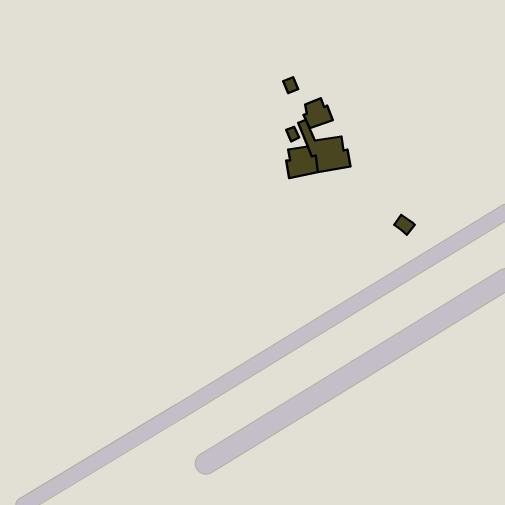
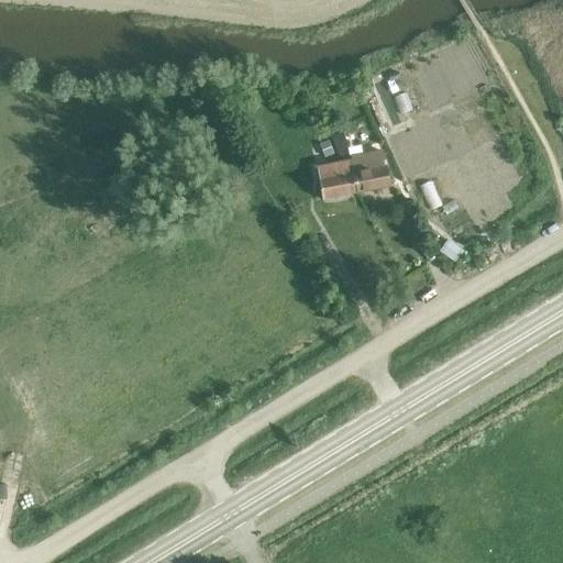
building: [304,98,333,128] -> none

